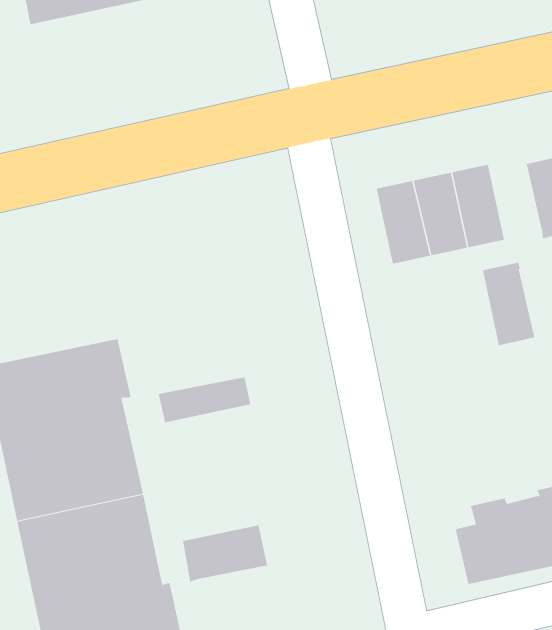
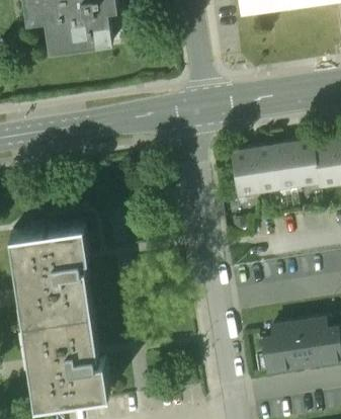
building: [482,262,535,346] -> [291,143,318,187]
building: [158,376,251,423] -> none
building: [183,524,268,583] -> none

